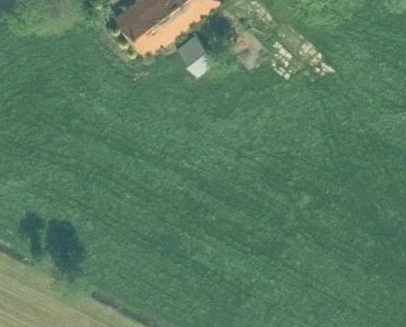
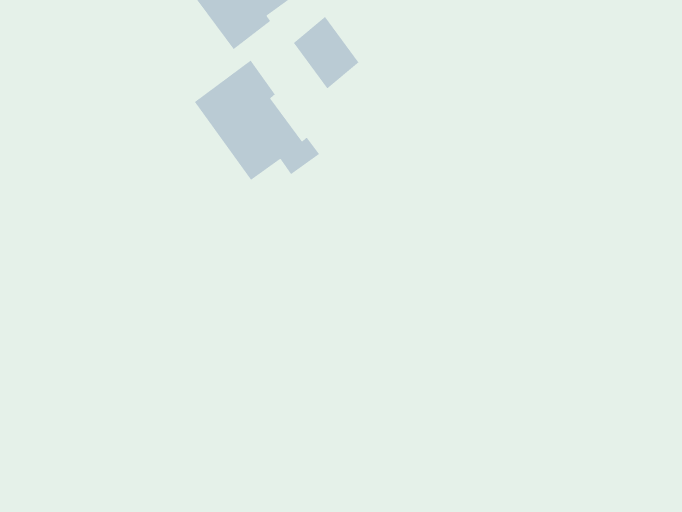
building: none -> [194,60,320,181]

